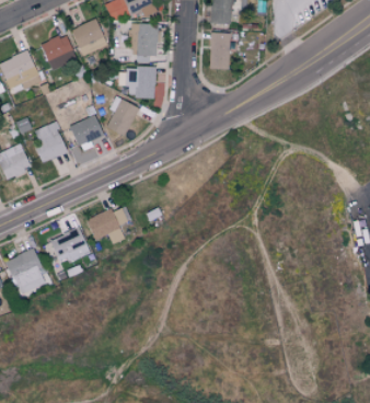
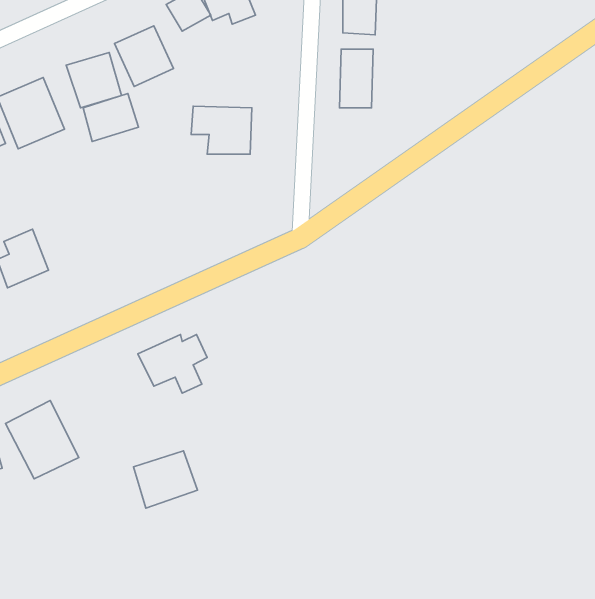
building: [130,24,158,56] -> none
building: [106,96,139,136] -> none
building: [70,116,104,146] -> [83,93,138,142]
building: [34,122,69,163] -> none
building: [50,229,90,264] -> [133,451,198,508]

